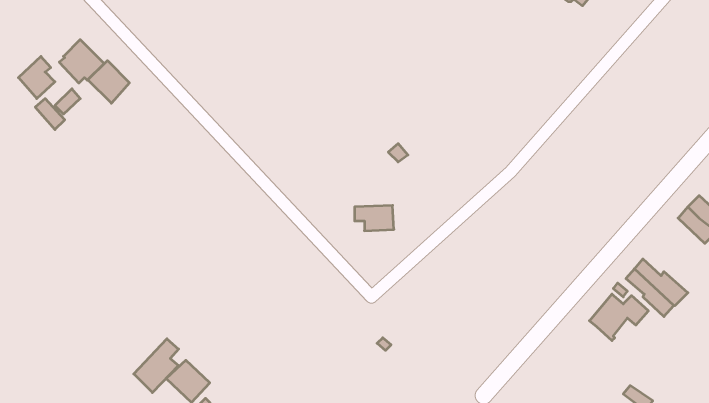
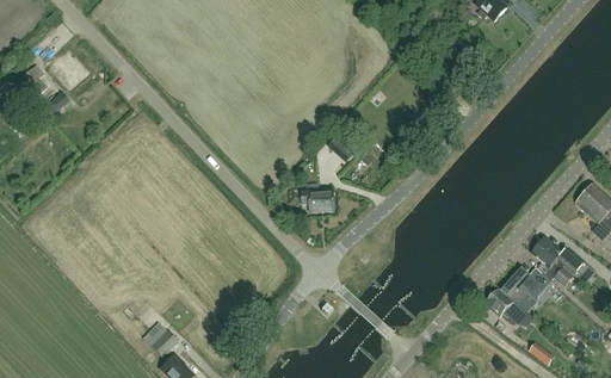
building: [88,61,129,103] -> none
building: none -> [486,289,526,322]
building: [134,339,179,393] -> none

